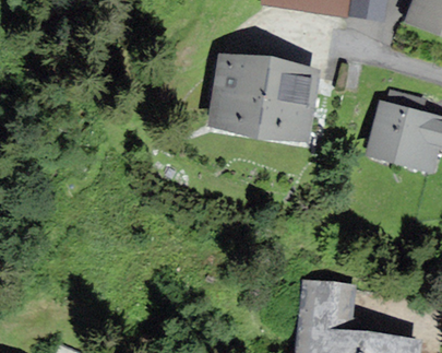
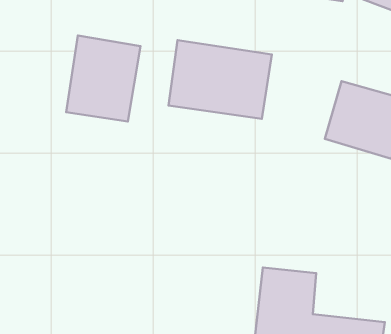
building: none -> [66,36,140,122]

